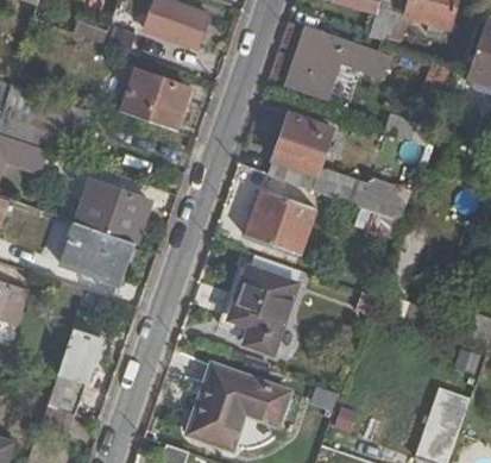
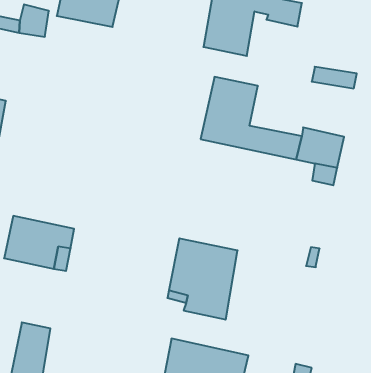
building: [121,76,188,132] -> none
building: [77,182,152,245] -> none
building: [248,189,315,251] -> none

